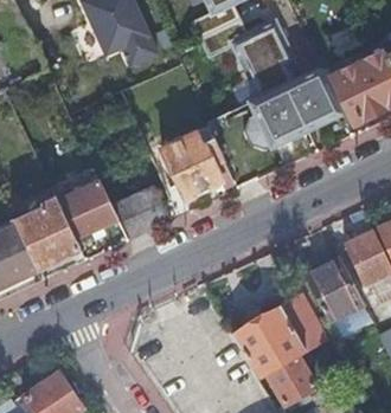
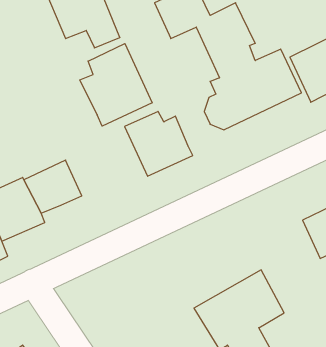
building: none -> [80,44,152,126]
building: [113,181,169,239] -> none
building: [303,256,363,320] -> none

